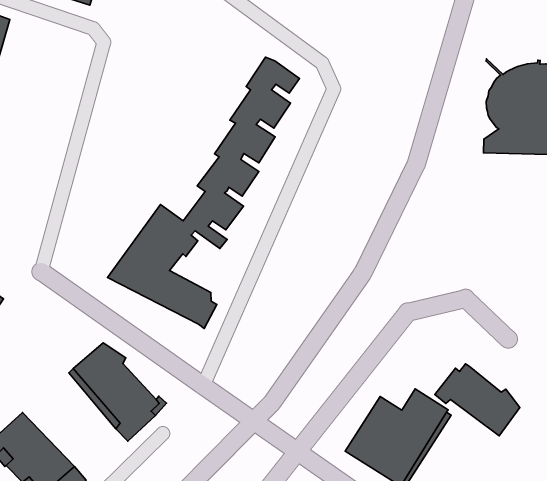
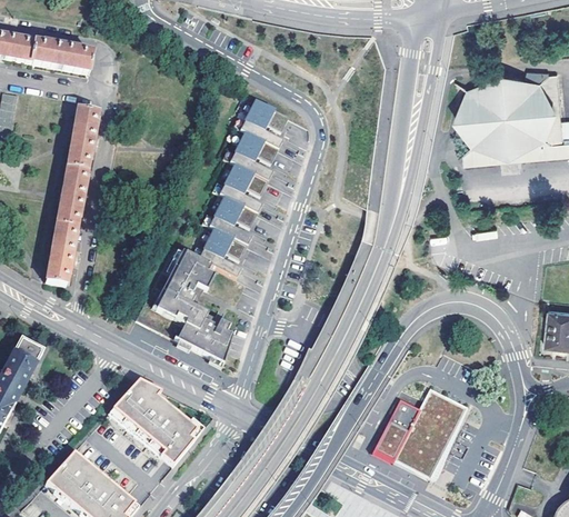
building: none -> [46,108,97,285]
building: [435,364,520,436] -> none

